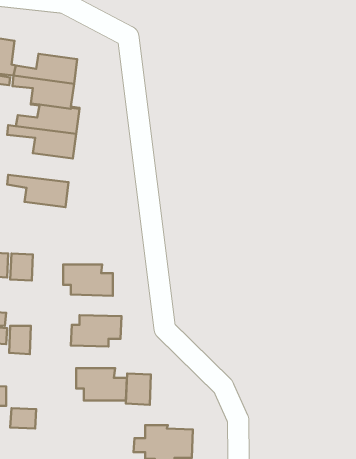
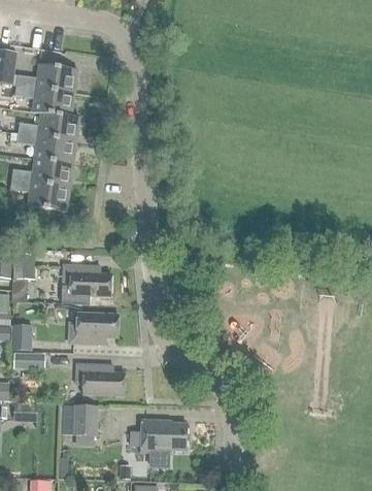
building: none -> [10,159,72,187]
building: none -> [13,352,45,368]
building: [126,373,151,405] -> [73,404,97,434]

